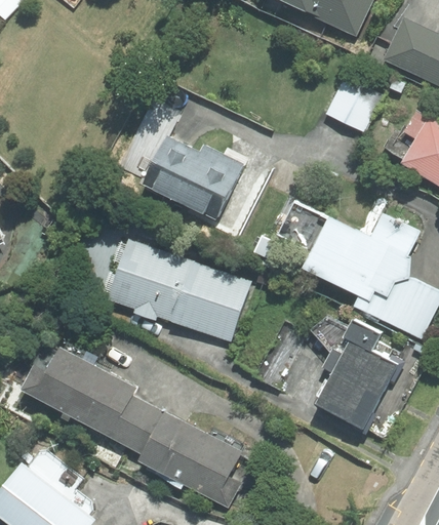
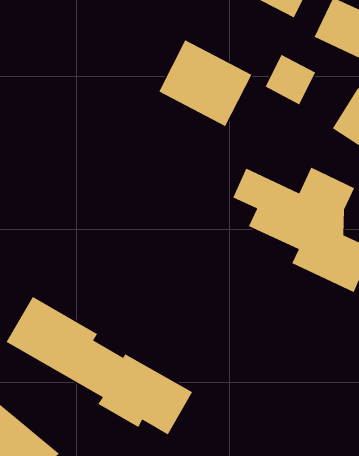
building: [141,125,245,223] -> [158,39,252,127]
building: [106,234,251,341] -> none
building: [318,337,400,428] -> none

